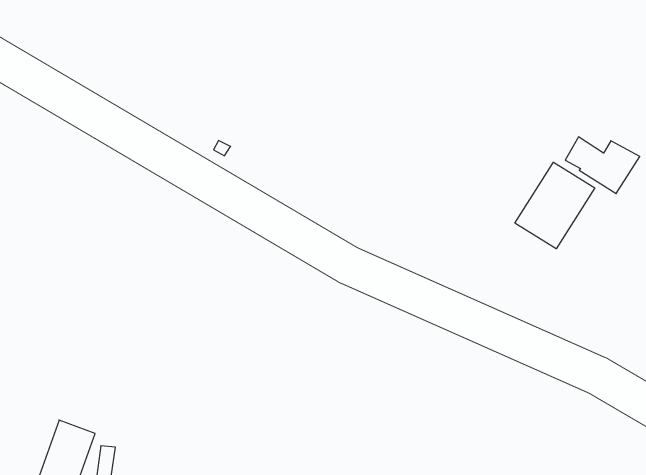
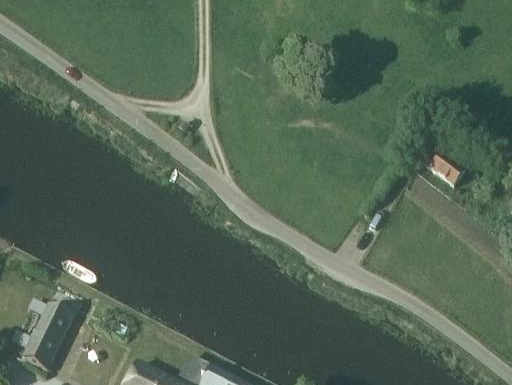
building: [515,162,595,249] -> none

